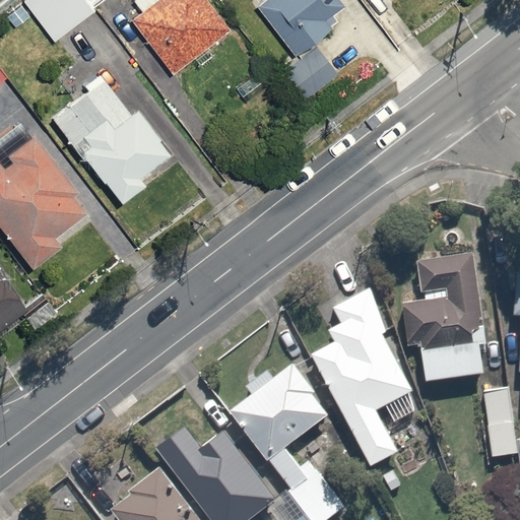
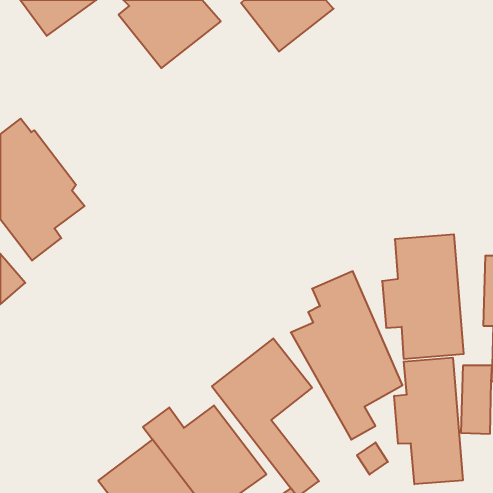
building: [51,77,171,201] -> none
building: none -> [394,358,463,484]

